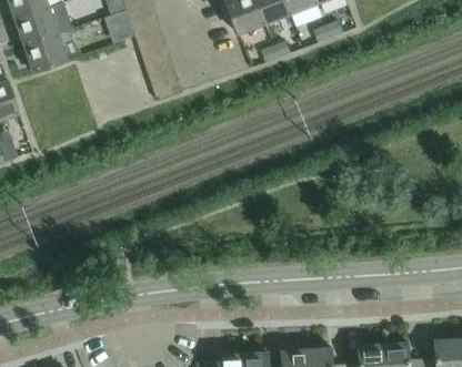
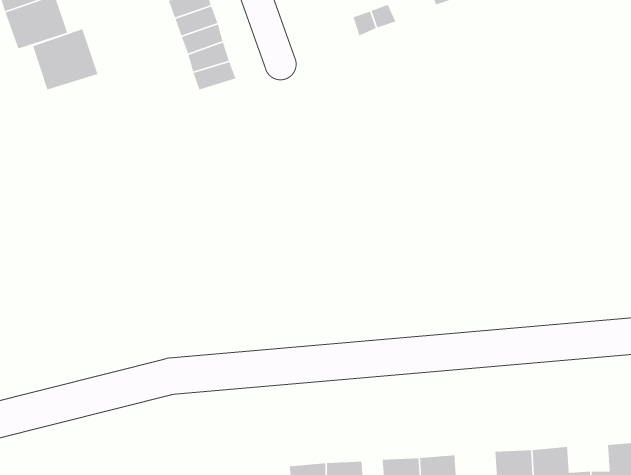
building: none -> [32,28,98,91]

